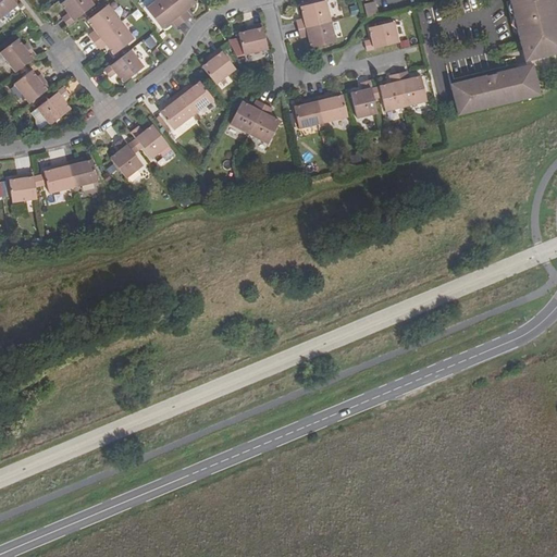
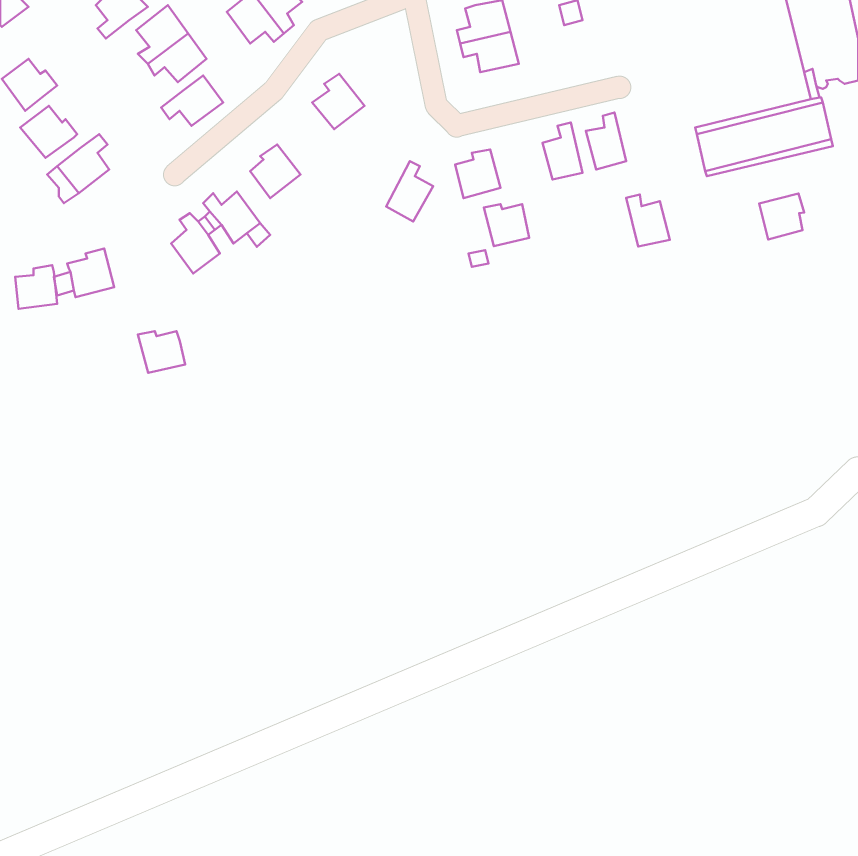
building: [364,21,399,50] -> none
building: [231,23,269,55] -> none
building: [398,71,426,104] -> [626,194,670,246]
building: [180,81,214,113] -> none
building: [318,95,347,122] -> [484,204,529,246]
building: [231,99,265,134] -> none
building: none -> [759,194,804,239]
building: [67,159,98,186] -> [138,331,185,373]

